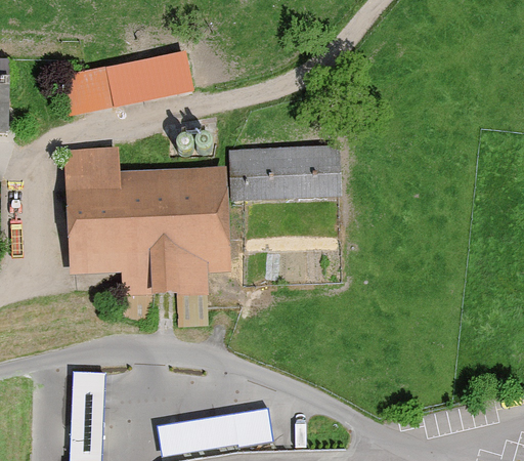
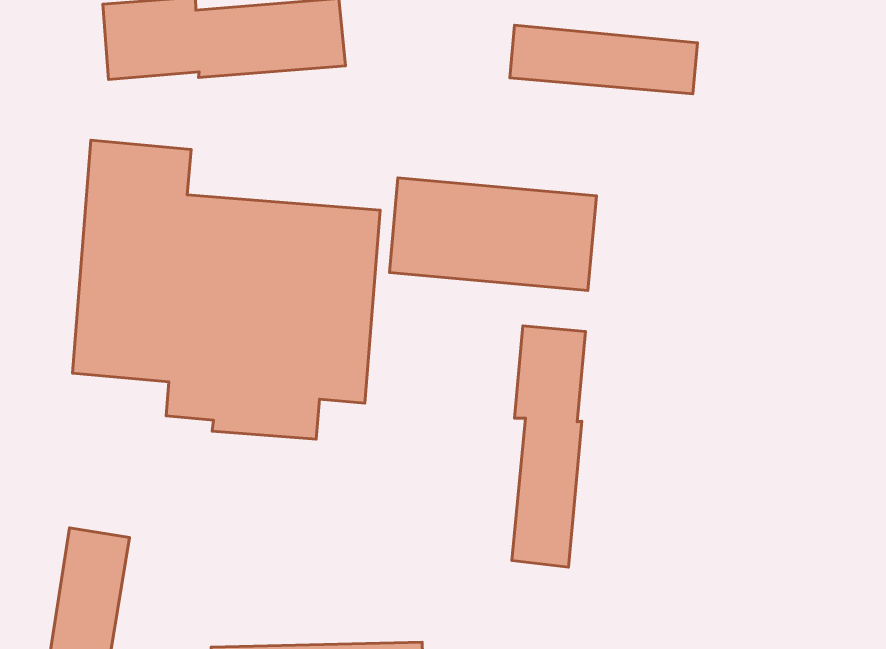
building: none -> [510,25,697,94]
building: none -> [512,326,586,567]

